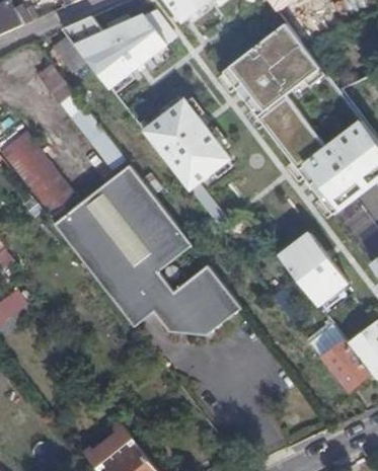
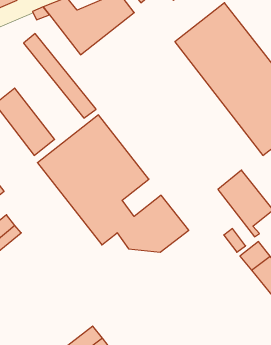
building: [139,97,225,231] -> none

